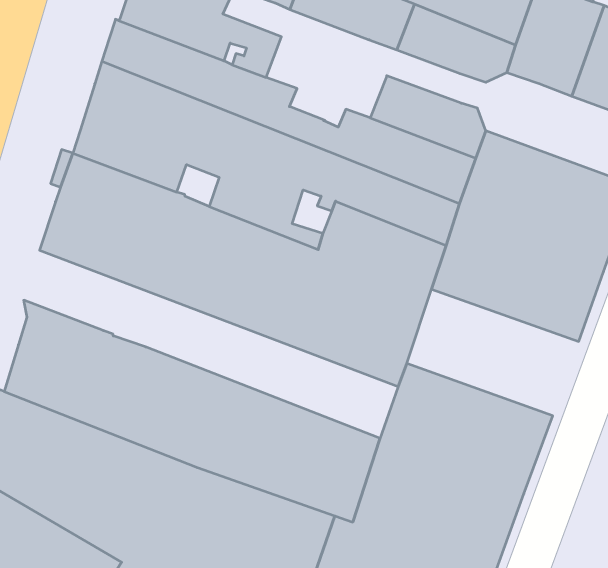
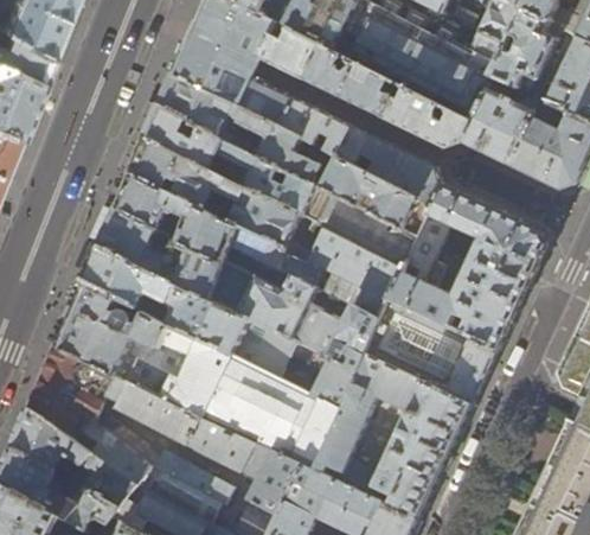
building: none -> [278,100,370,167]
building: none -> [79,244,357,412]
building: none -> [365,301,496,406]

